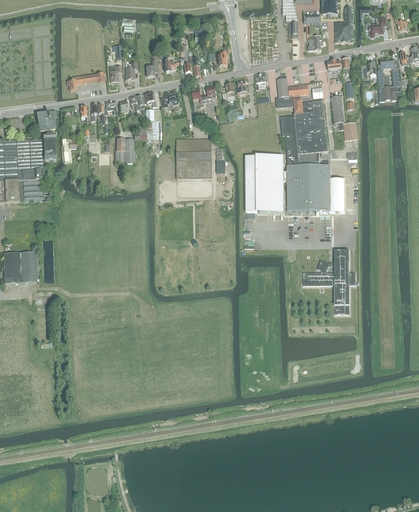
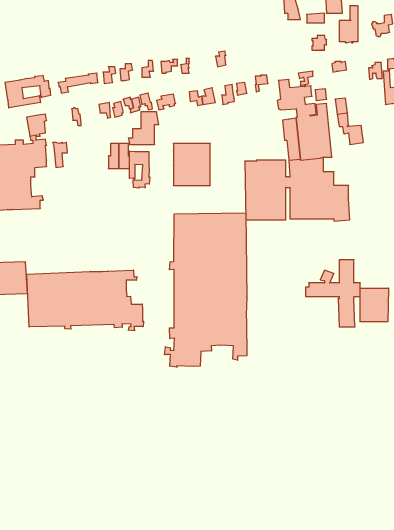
building: none -> [5,75,50,108]
building: none -> [129,151,150,188]
building: none -> [165,213,247,367]
building: none -> [27,270,144,331]
building: none -> [360,288,389,322]

